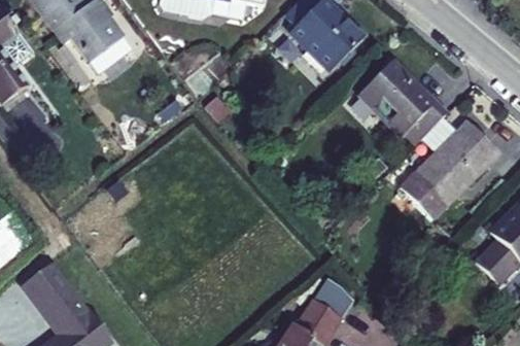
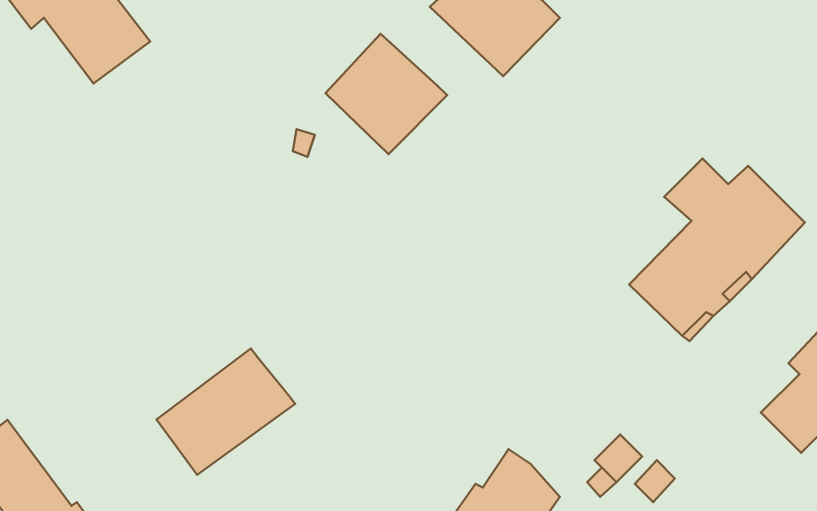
building: none -> [325,34,447,154]
building: [359,61,445,142] -> none
building: none -> [156,349,295,475]

